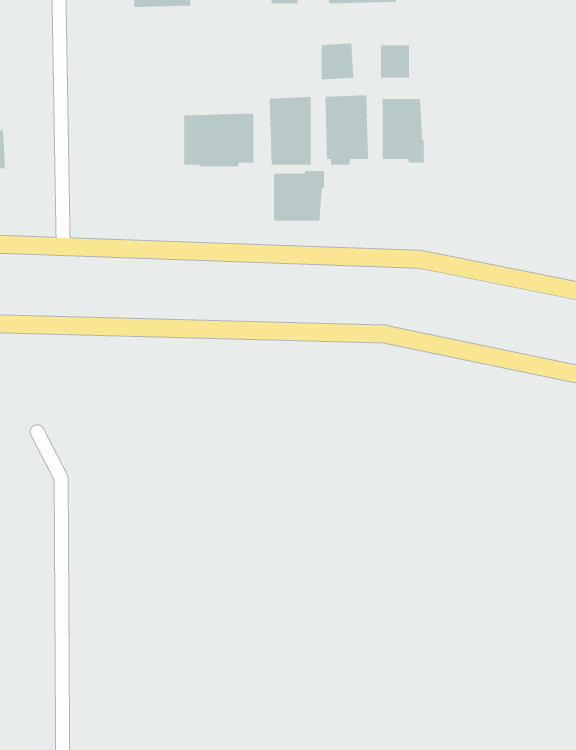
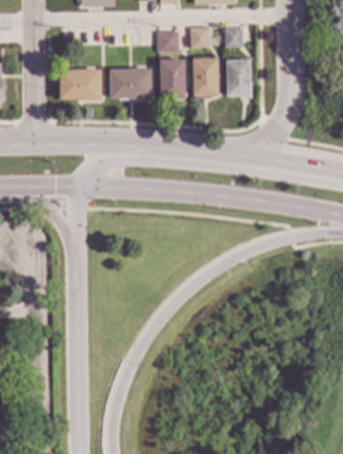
building: none -> [157,30,179,51]
building: none -> [60,69,101,99]
building: [274,170,324,222] -> none

